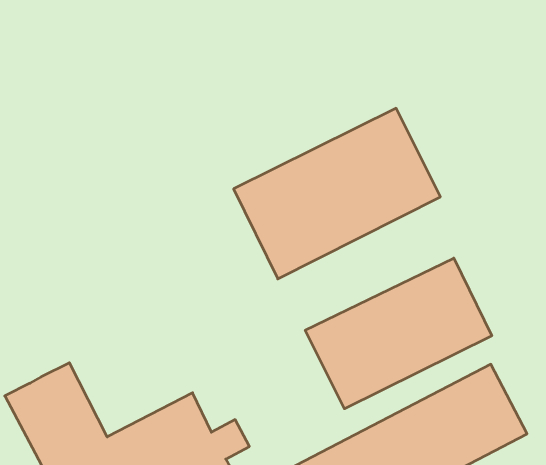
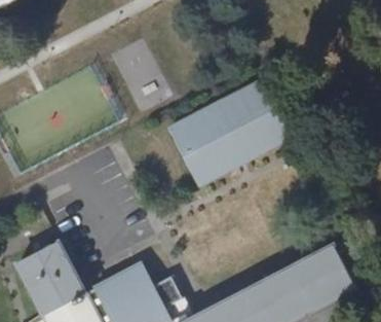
building: [305,258,492,409] -> none

